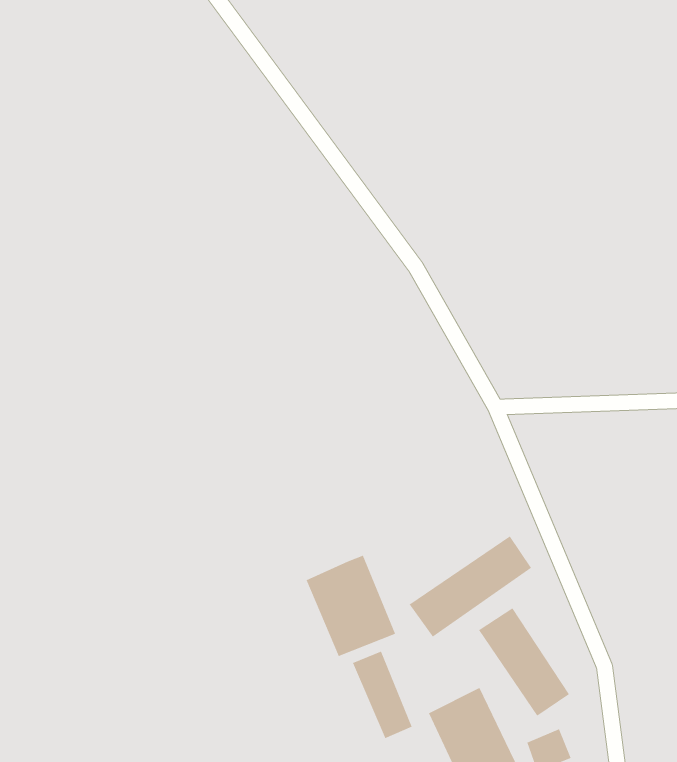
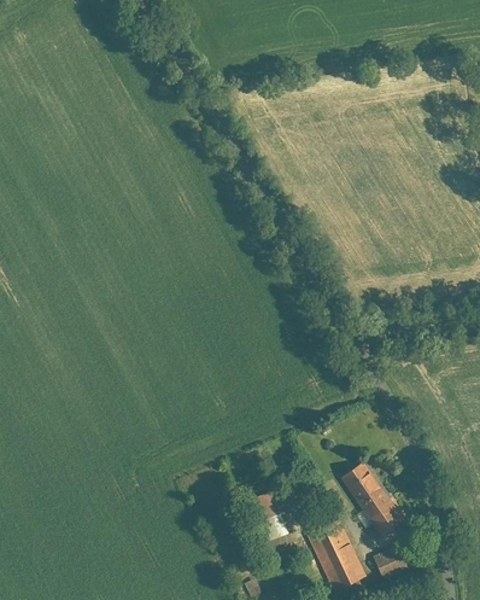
building: [409,536,532,637] -> none
building: [306,555,396,657] -> none

